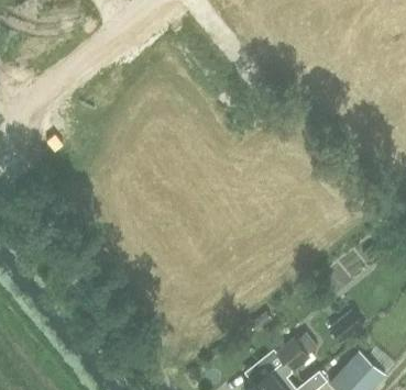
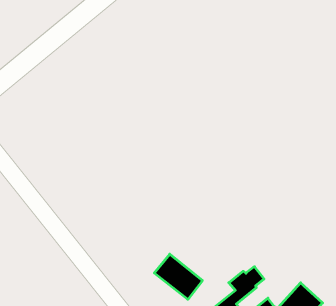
building: none -> [154,254,202,299]

